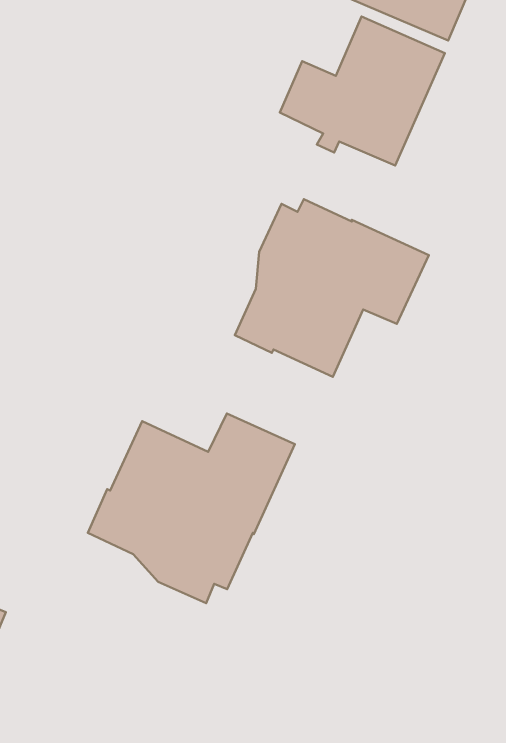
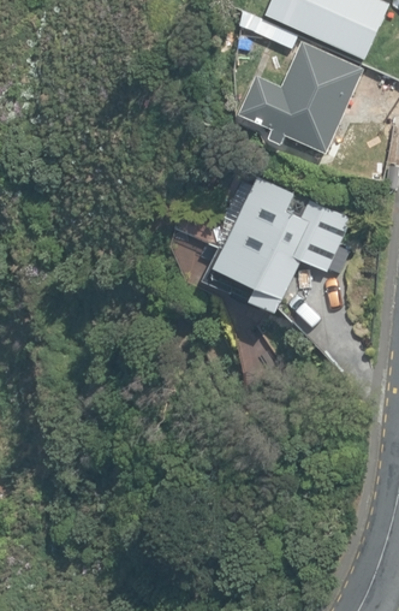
building: [88,413,295,603] -> none

